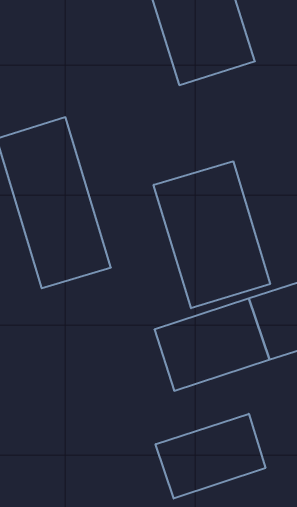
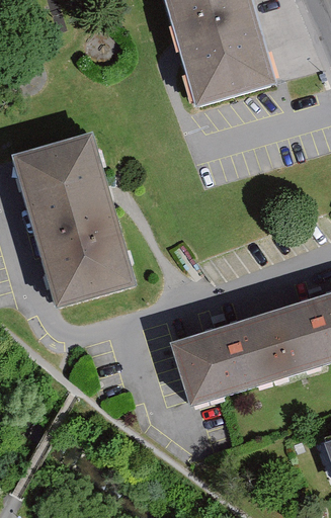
building: [154,161,270,308] -> none
building: [156,414,265,499] -> none

